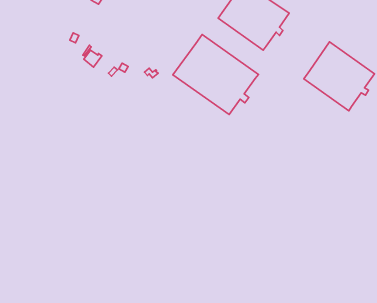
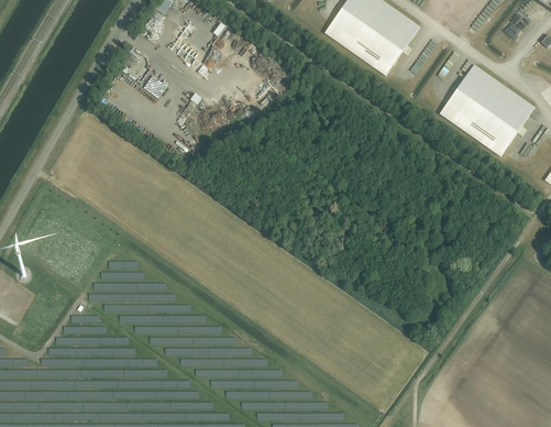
building: [173,35,259,115] -> none

